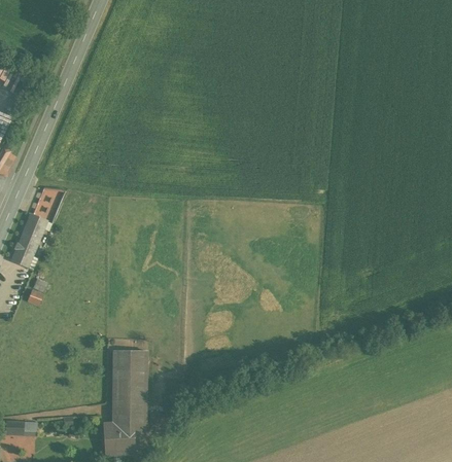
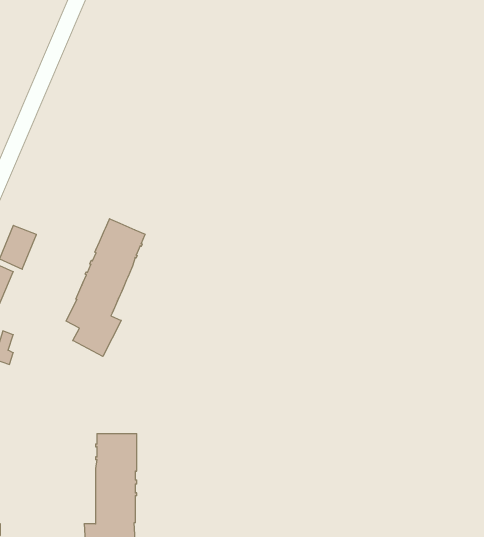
building: none -> [66,219,145,356]

